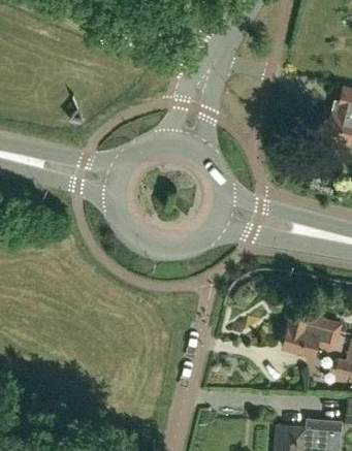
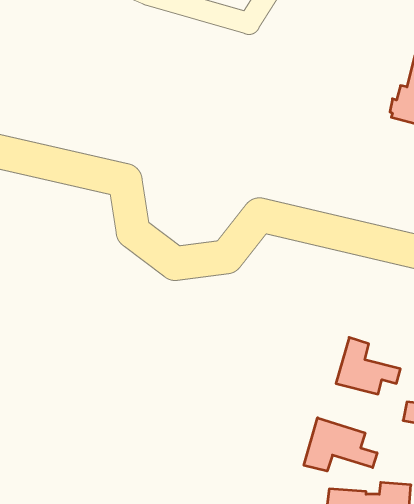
building: none -> [304,418,377,471]

